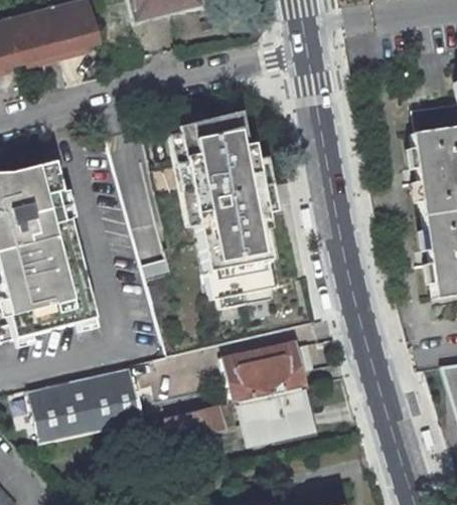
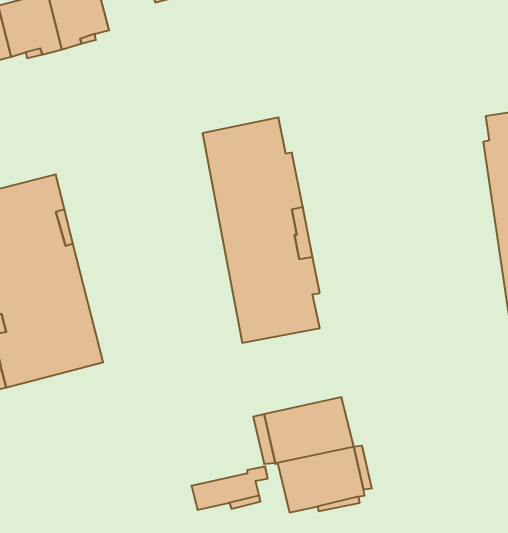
building: [28,374,143,442] -> none

